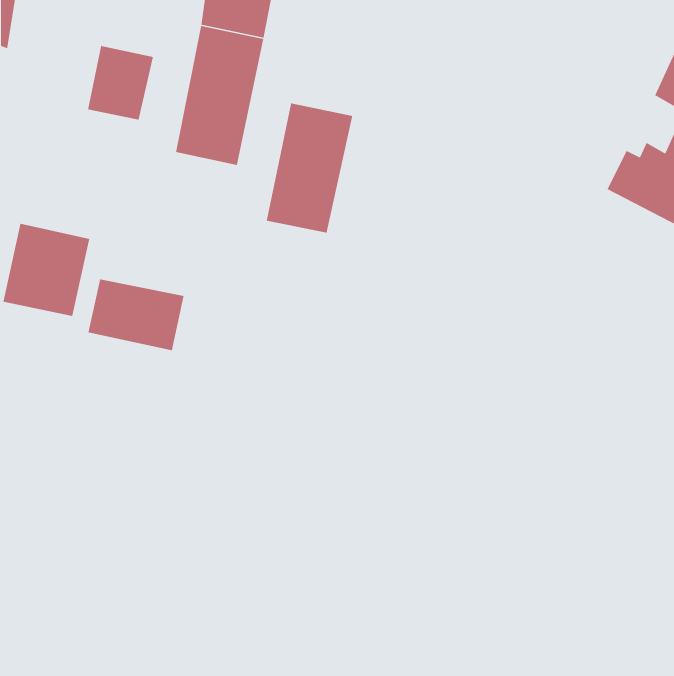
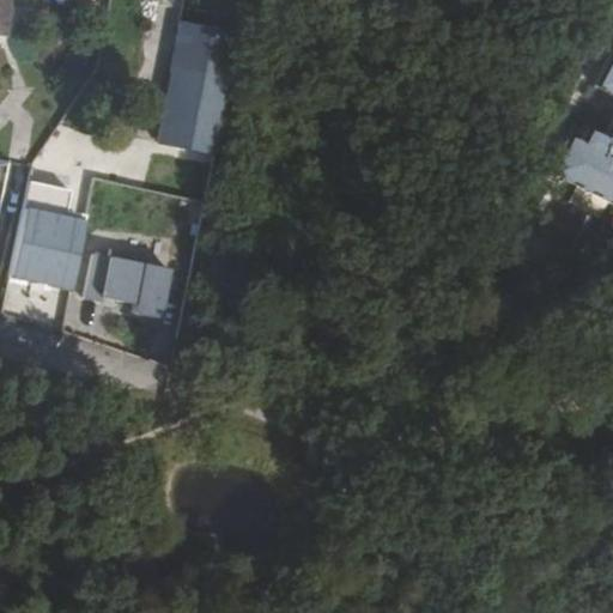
building: [87,45,154,121] -> none
building: [266,102,353,234] -> none

